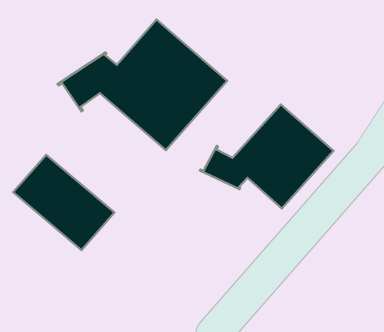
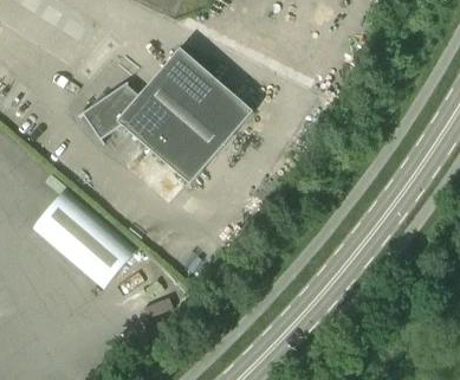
building: [200,104,334,209] -> none

